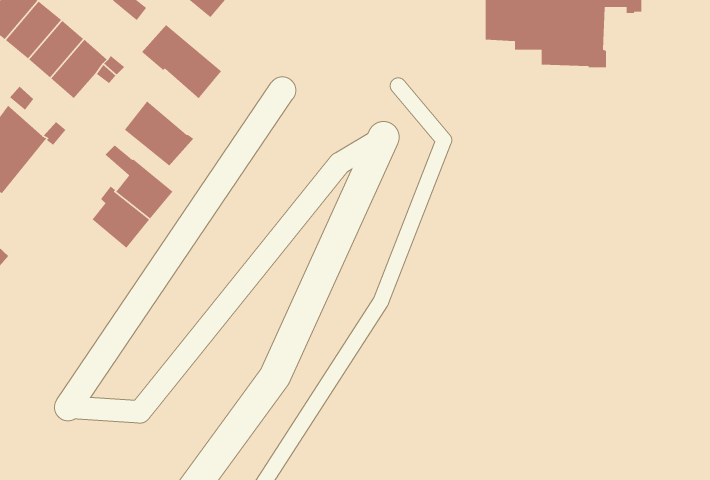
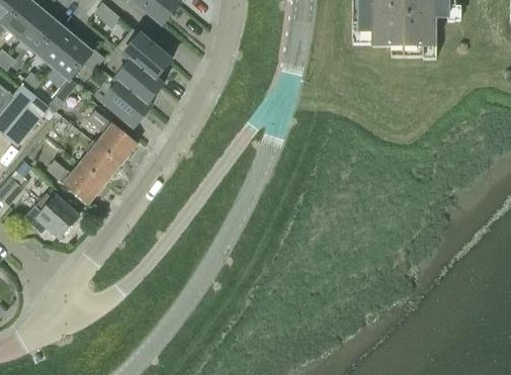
building: none -> [114,60,162,104]
building: none -> [48,160,104,202]
building: none -> [24,191,78,236]

